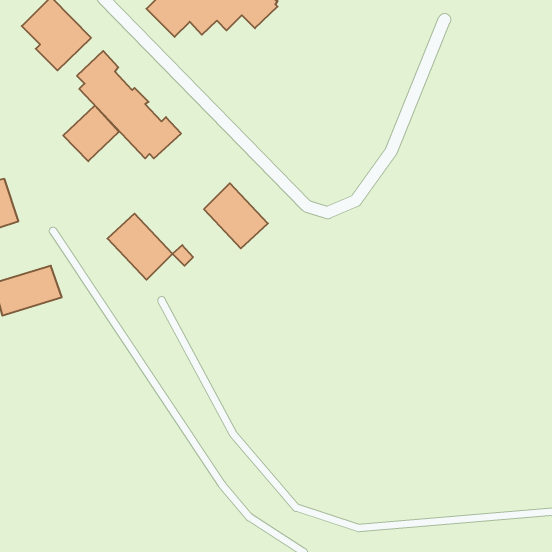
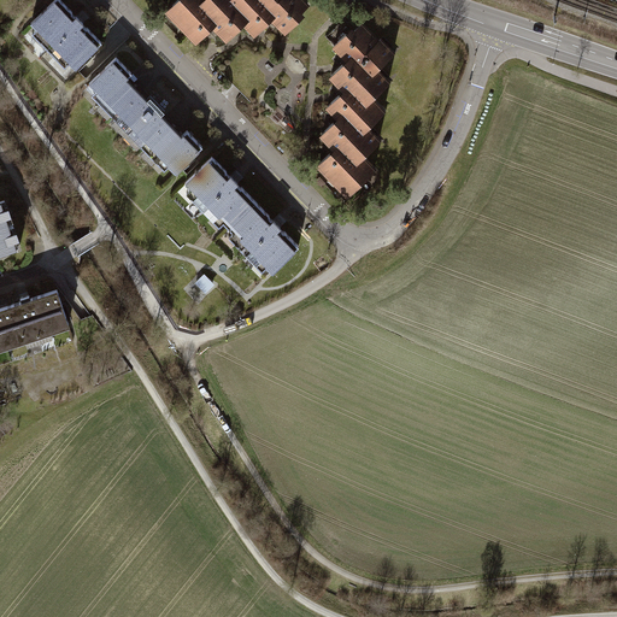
building: none -> [317,22,395,200]
building: [63,106,119,161] -> none
building: [107,214,172,280] -> [183,159,255,233]

